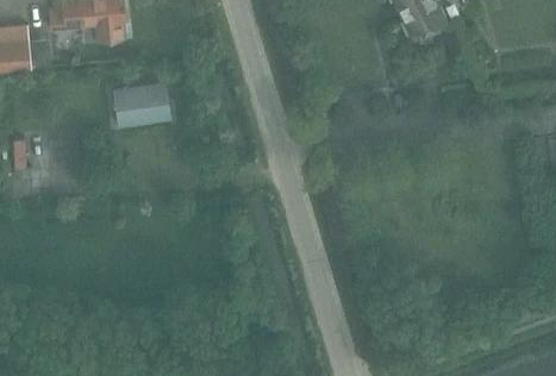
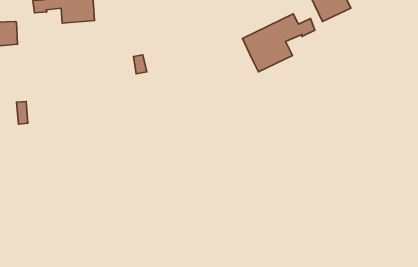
building: none -> [242,14,315,72]
building: [113,84,169,127] -> none

